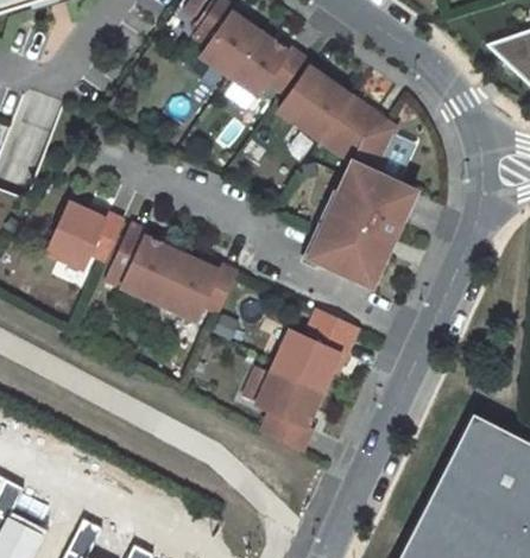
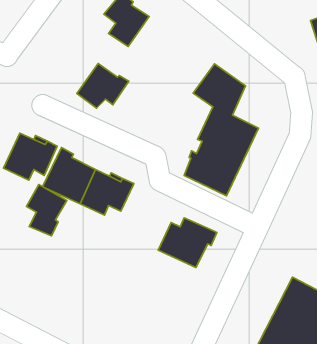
building: [229,31,305,96] -> [77,63,129,108]
building: [280,64,355,142] -> none
building: none -> [27,185,67,236]
building: [259,372,328,458] -> none

